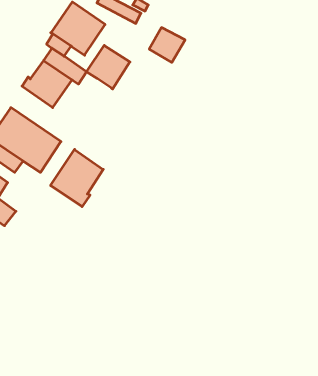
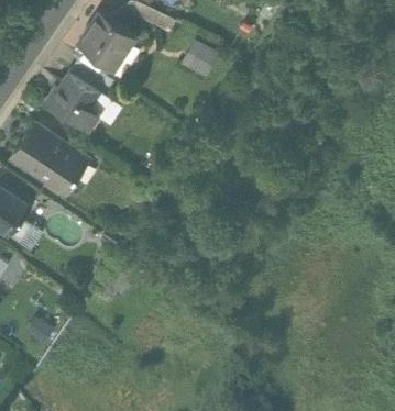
building: [87,45,130,89] -> none
building: [51,149,103,207] -> none

